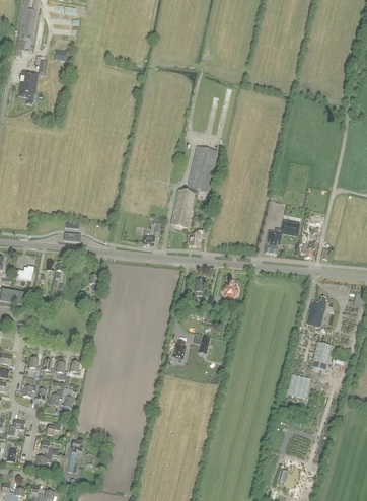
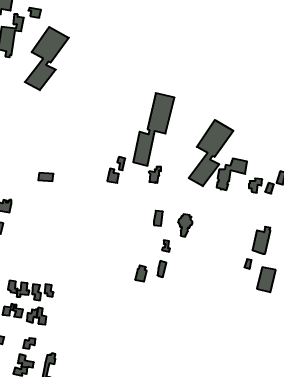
building: none -> [25,27,69,90]
building: none -> [189,120,233,186]

